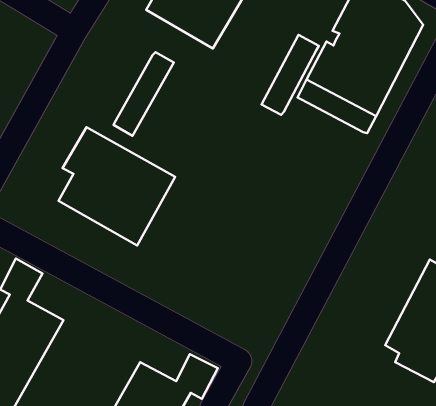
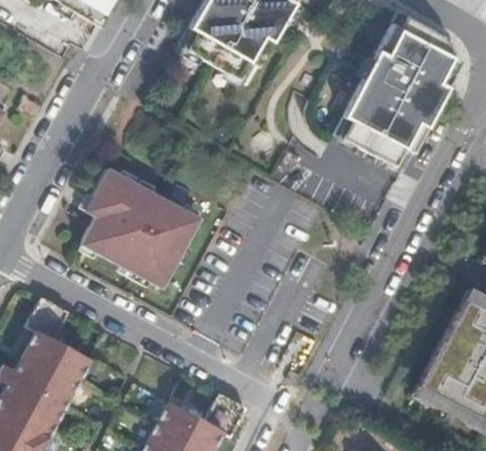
building: [261,35,319,115] -> none
building: [113,52,174,136] -> none

